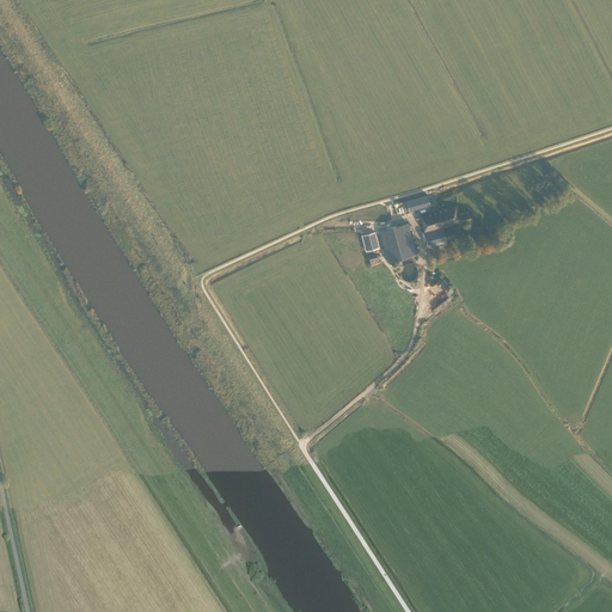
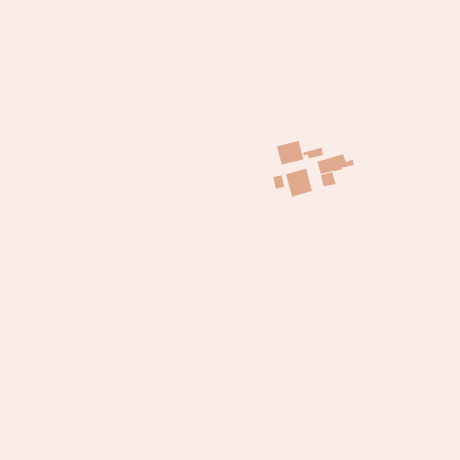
building: none -> [276,140,304,165]

